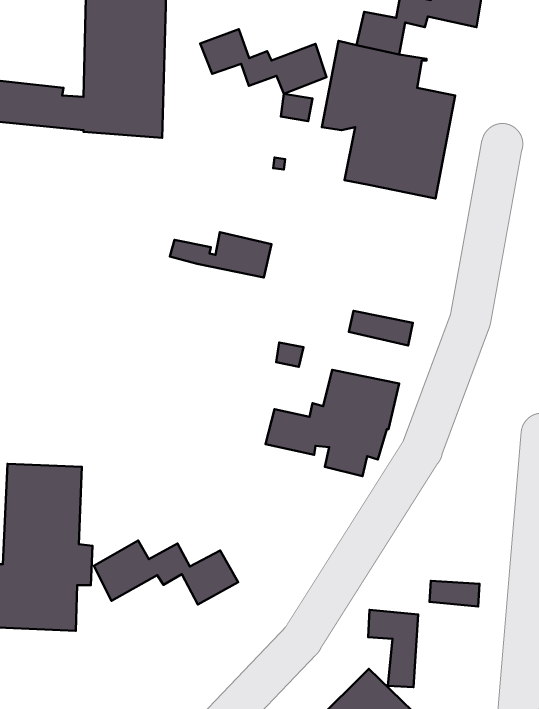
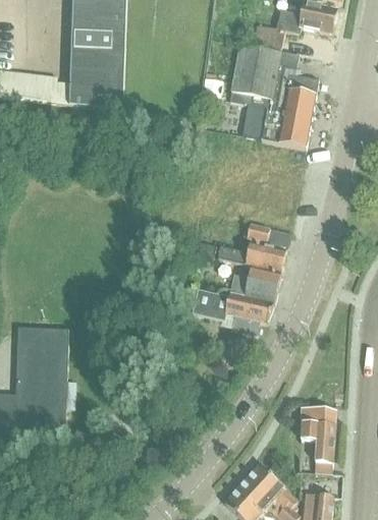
building: [200,29,326,94] -> none
building: [170,232,272,278] -> [218,241,286,272]
building: [94,541,238,604] -> none
building: [368,610,418,687] -> [302,420,335,472]

